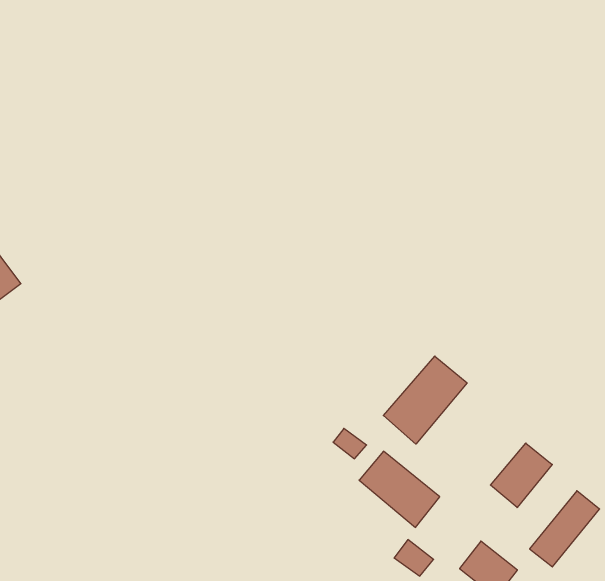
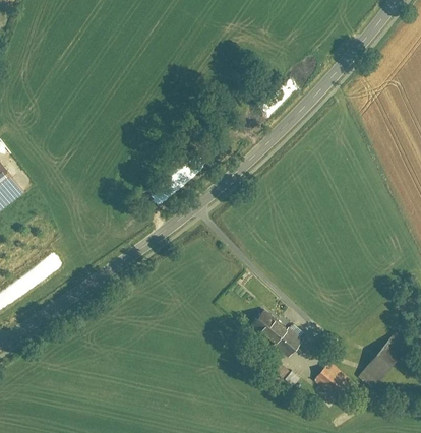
building: [383,356,467,444] -> none
building: [490,443,552,508] -> none

